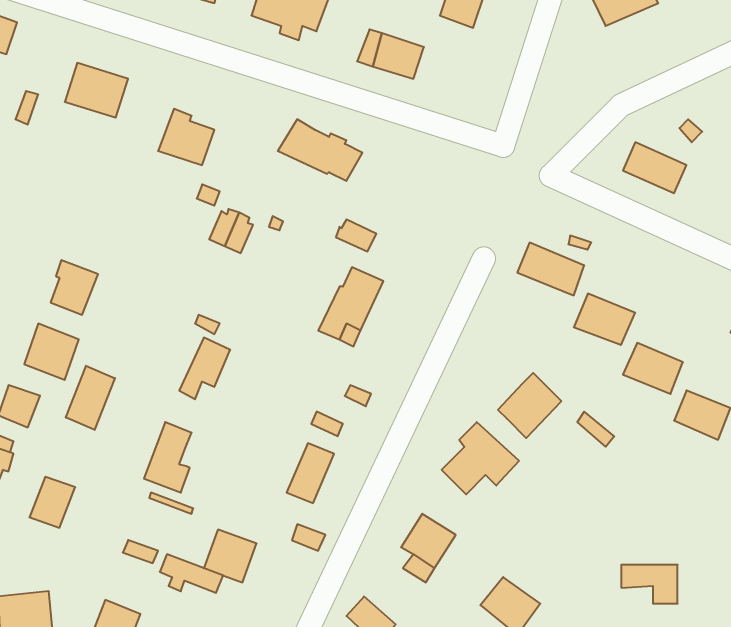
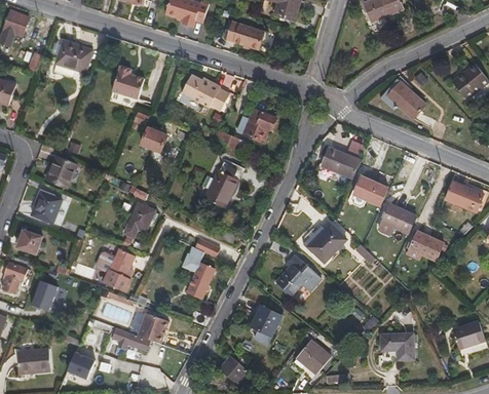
building: none -> [237,109,275,142]
building: [66,366,115,430] -> none

